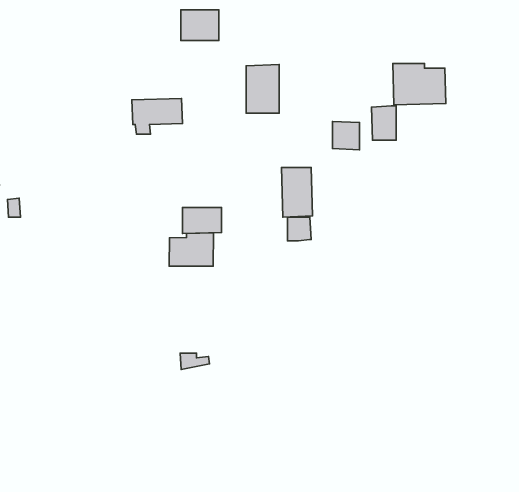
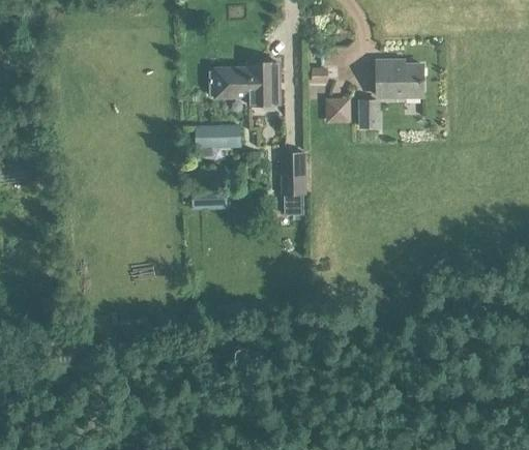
building: [181,10,219,41] -> [214,69,247,96]
building: [132,99,183,134] -> [195,125,239,156]
building: [169,233,213,266] -> none

